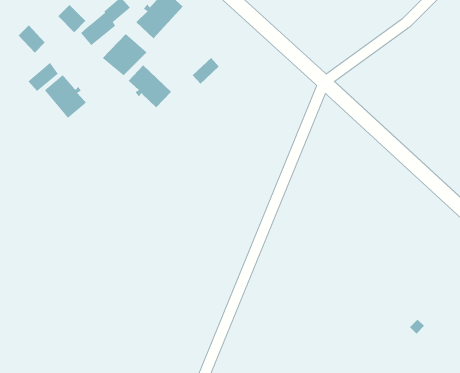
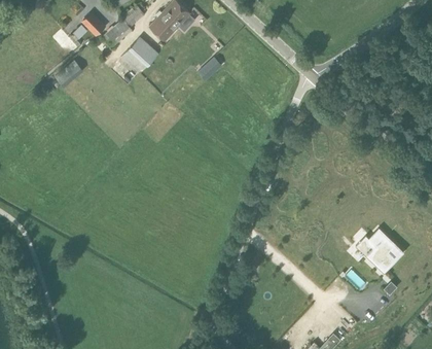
building: [128,64,172,108] -> none
building: [44,74,87,119] -> none
building: none -> [368,232,402,272]

